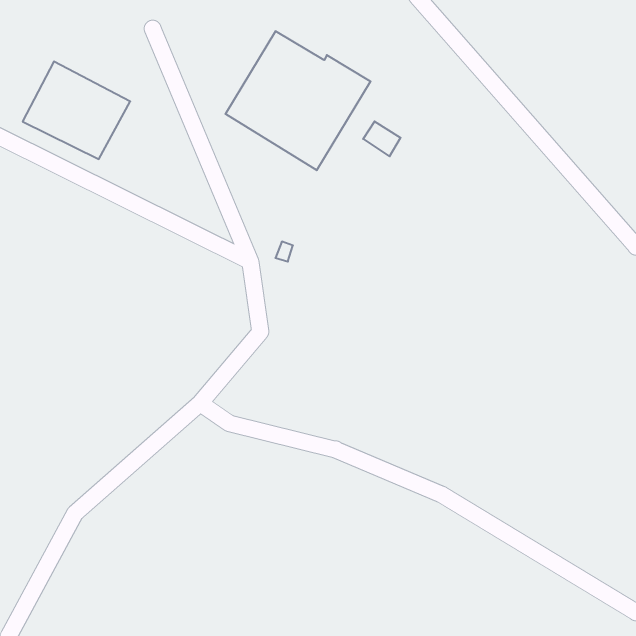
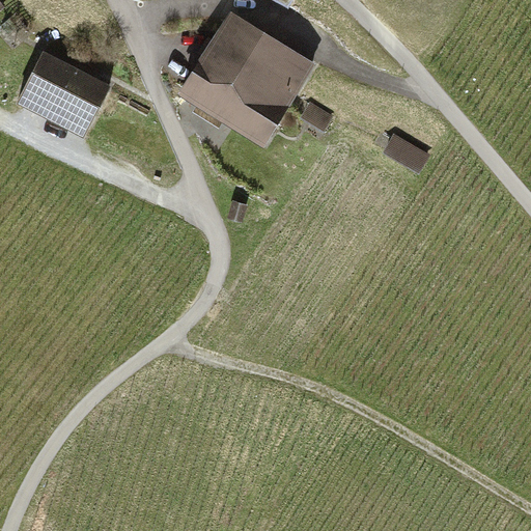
building: none -> [380,130,427,171]

